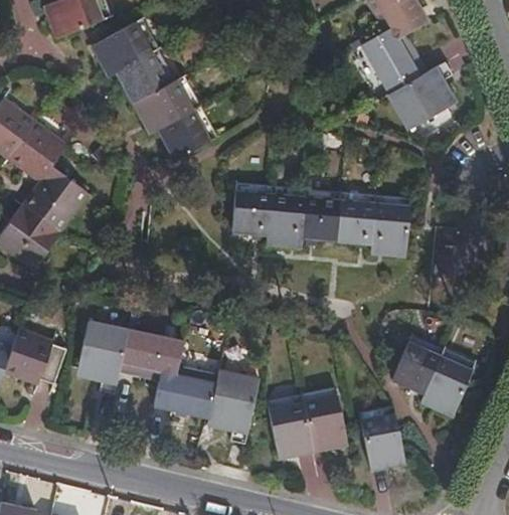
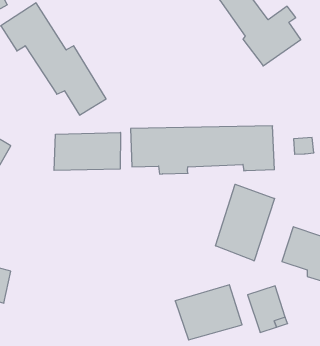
building: none -> [54,132,120,170]
building: none -> [216,184,275,261]
building: [74,318,256,443] -> none

